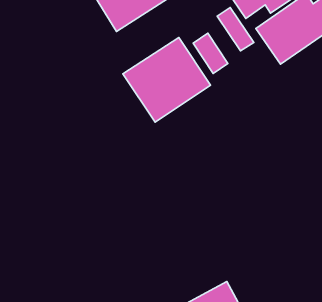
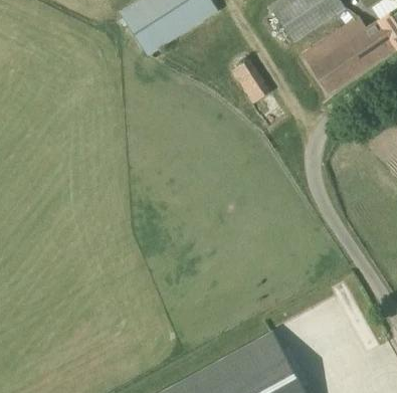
building: [217,8,254,51] -> none
building: [123,37,210,122] -> none

